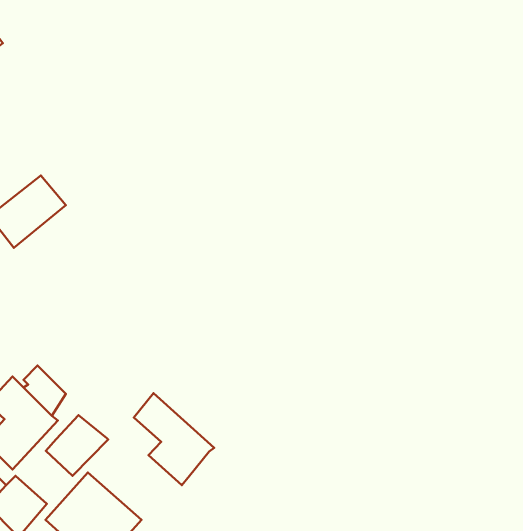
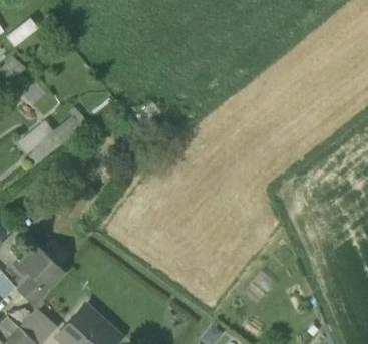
building: [134,393,214,485] -> none
building: [46,415,108,476] -> none

